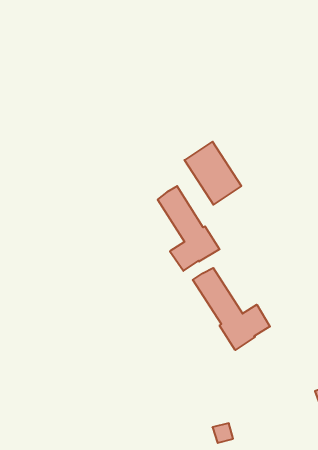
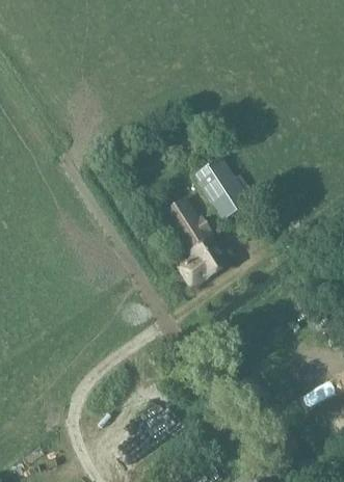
building: [193,268,270,350] -> none

